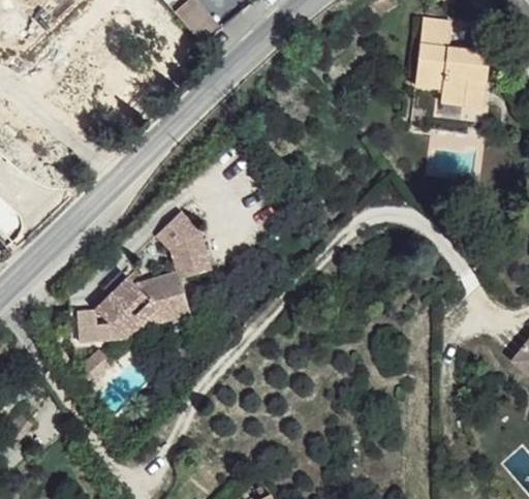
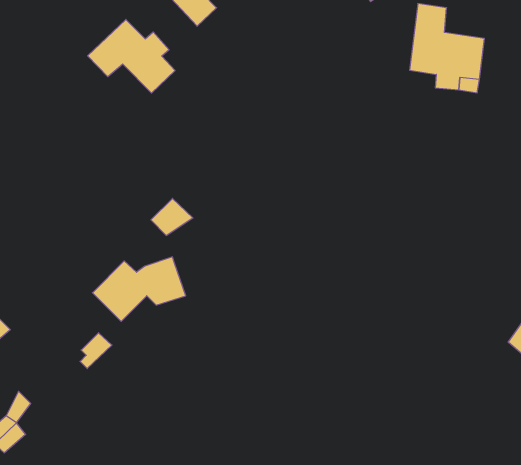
building: none -> [88,19,175,93]
building: [170,232,209,278] -> none
building: [77,308,125,343] -> none

